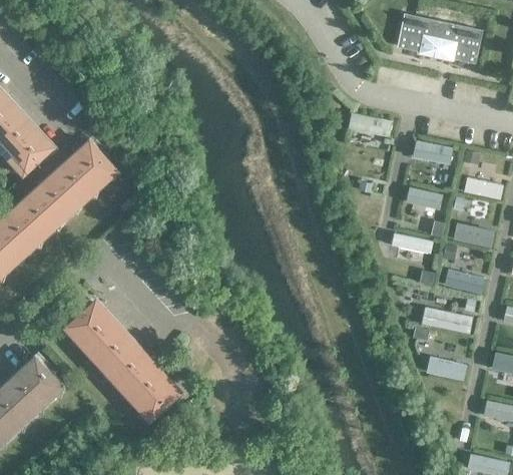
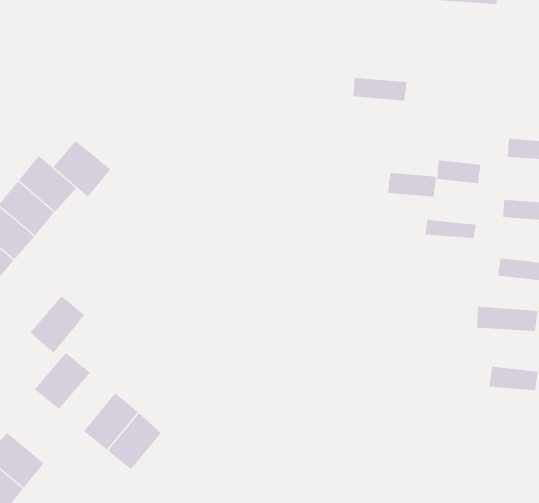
building: none -> [53,140,111,197]
building: [412,138,453,162] -> [387,173,437,197]
building: [82,320,128,365] -> [30,296,85,353]
building: [133,375,179,420] -> none

